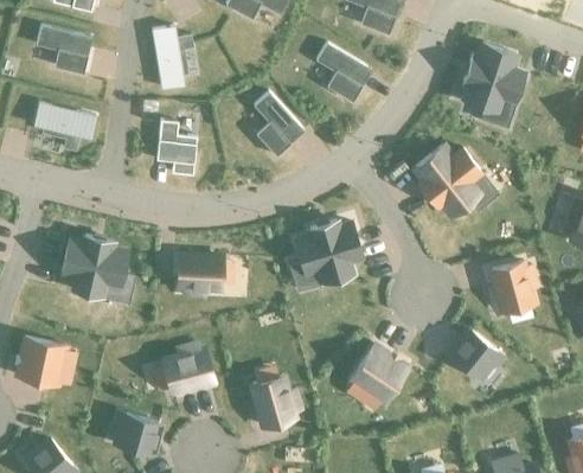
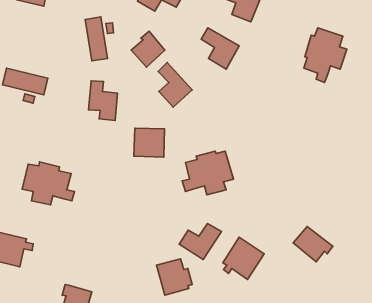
building: [37,25,92,73] -> none
building: none -> [131,31,165,67]
building: [414,143,486,215] -> none
building: [179,254,223,295] -> [134,128,165,157]
building: [492,261,537,312] -> none
building: none -> [179,223,221,260]
building: [156,347,217,392] -> none

